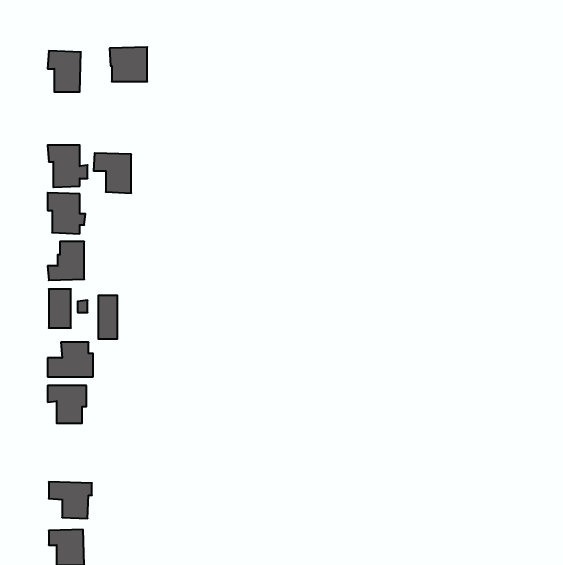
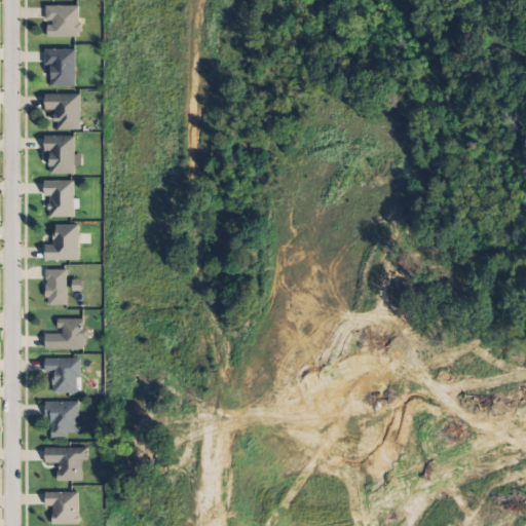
building: [110,47,147,82] -> [44,4,79,36]
building: [94,153,131,193] -> [44,92,79,129]
building: [98,295,117,339] -> none
building: none -> [44,401,78,438]

